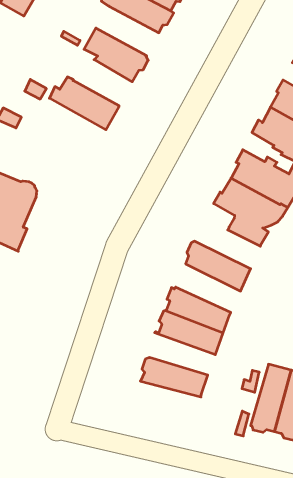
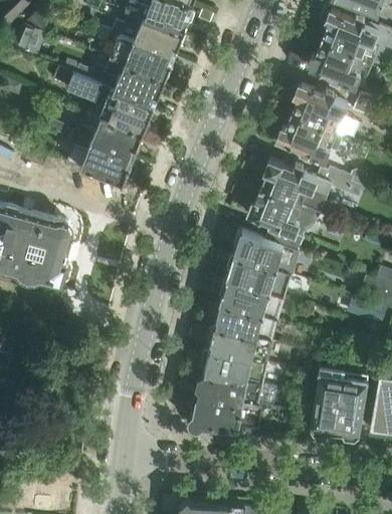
building: none -> [110,36,172,80]
building: none -> [53,68,152,133]
building: none -> [66,134,132,184]
building: none -> [232,231,298,276]
building: none -> [218,278,283,321]
building: none -> [202,350,266,386]
building: none -> [191,400,261,430]

